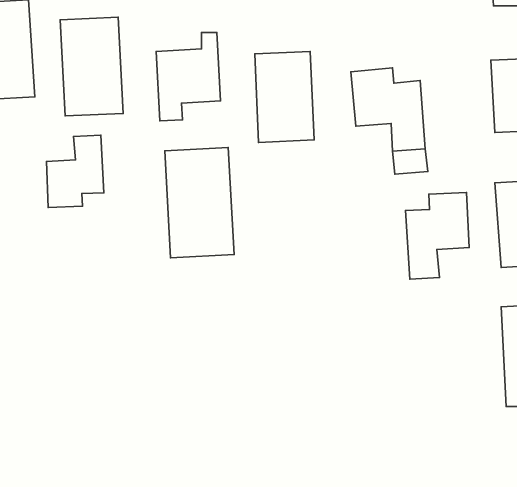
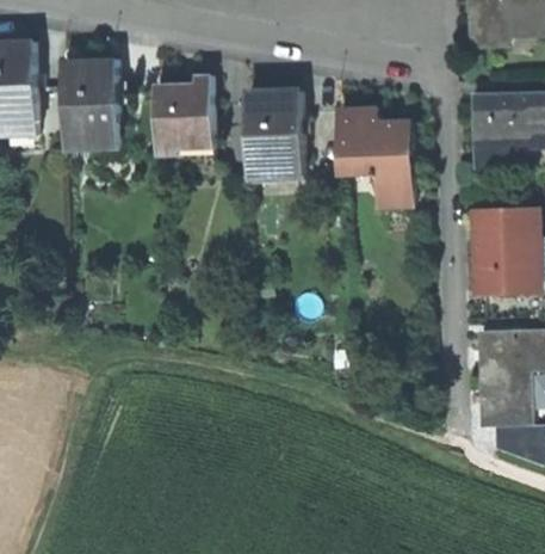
building: [46,135,104,208] -> none
building: [165,147,234,258] -> none
building: [405,193,469,279] -> none

